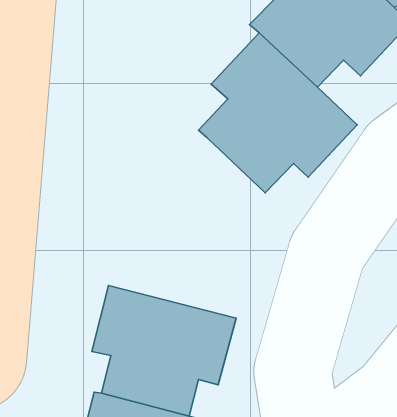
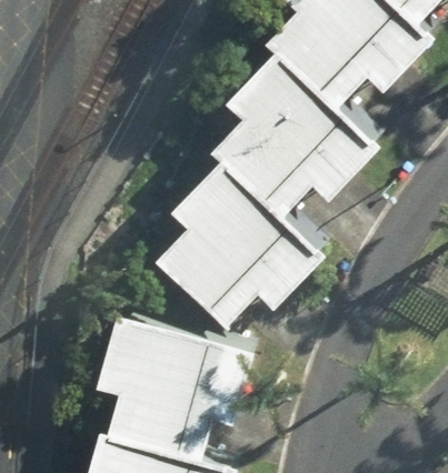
building: none -> [165,153,332,319]

